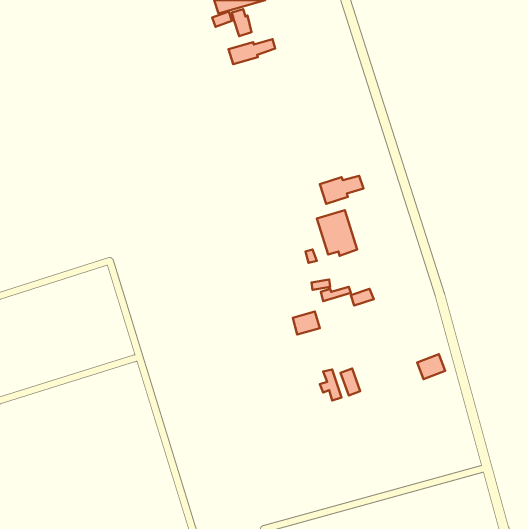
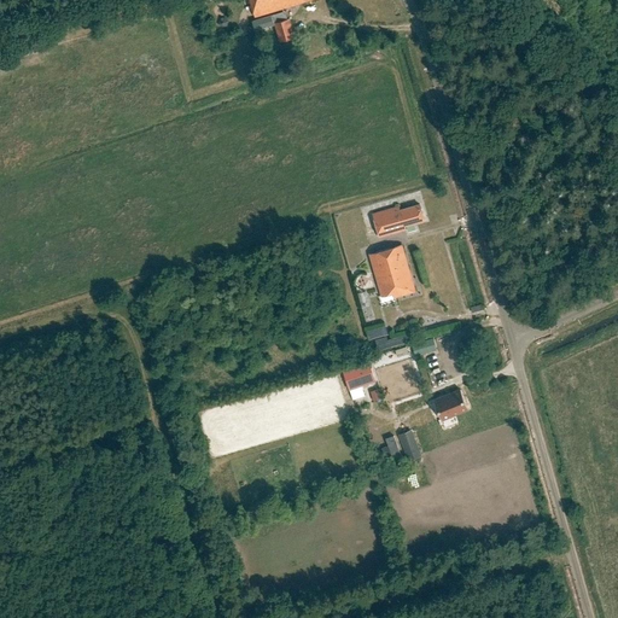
building: [229,39,275,64] -> none
building: [417,354,445,379] -> [433,391,466,420]

